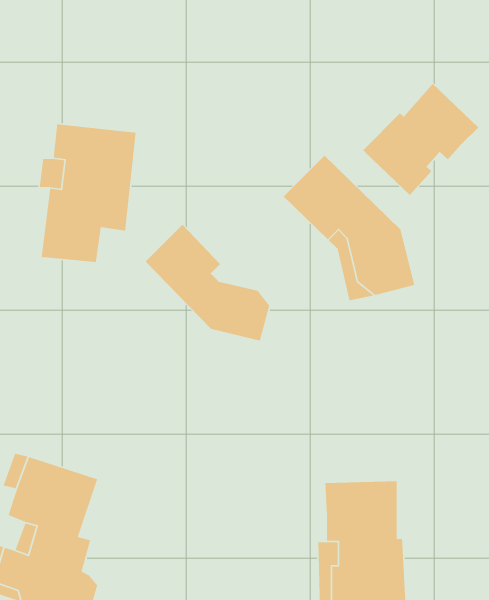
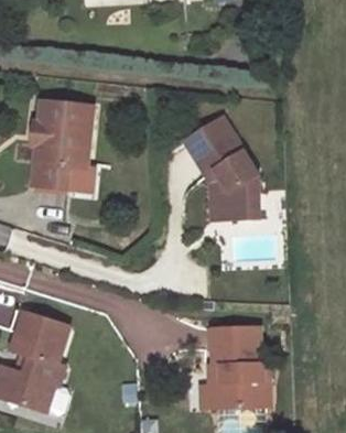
building: [362,83,479,196] -> none
building: [145,224,270,341] -> none

